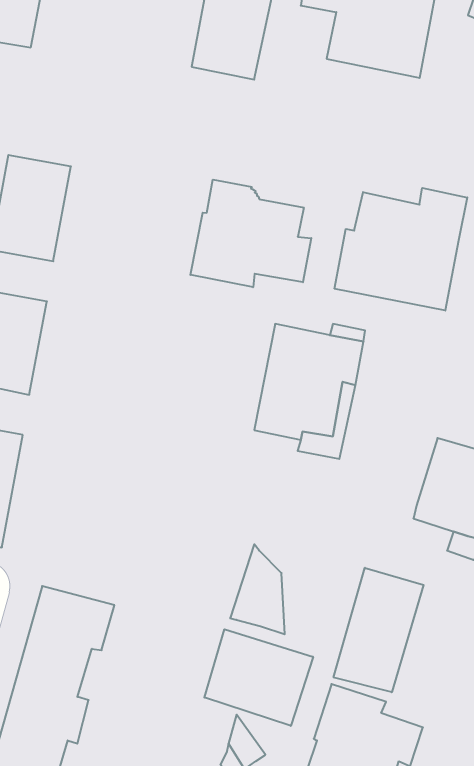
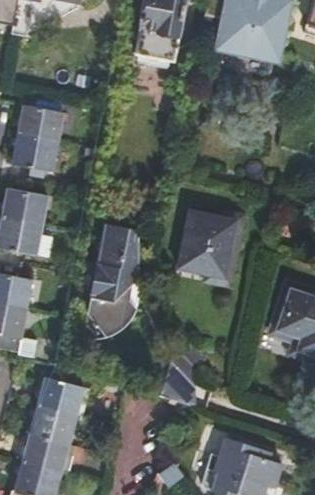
building: [190,180,311,287] -> none
building: [335,188,467,311] -> none
building: none -> [88,221,146,350]
building: [334,568,424,692] -> none
building: [204,629,313,726] -> none

